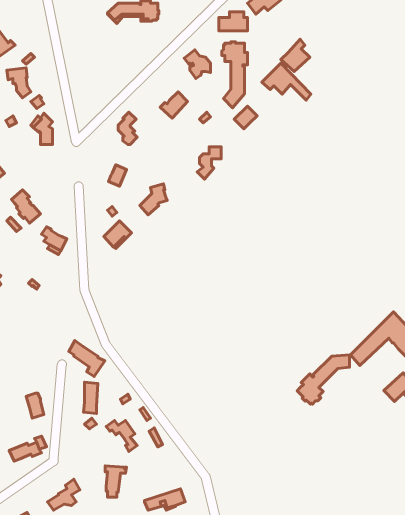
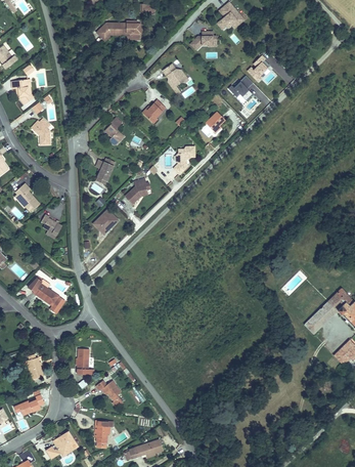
building: [222,42,247,108] -> none
building: [69,341,105,376] -> [34,283,64,313]
building: [297,355,350,404] -> none

